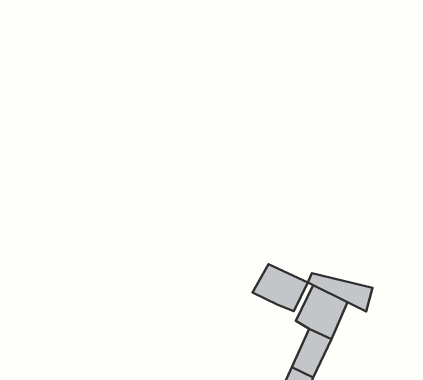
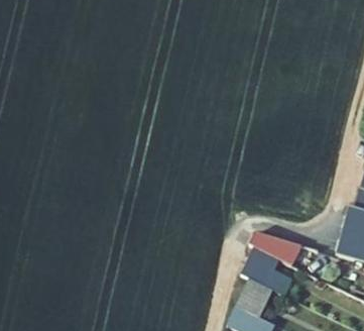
building: [253,264,308,311] -> none

